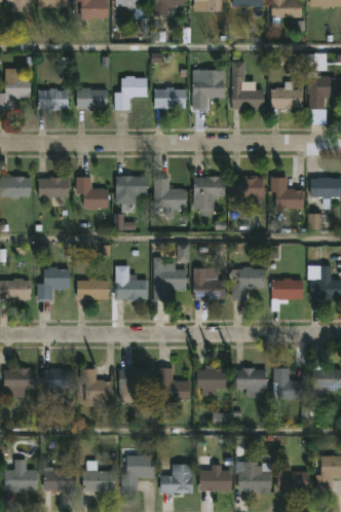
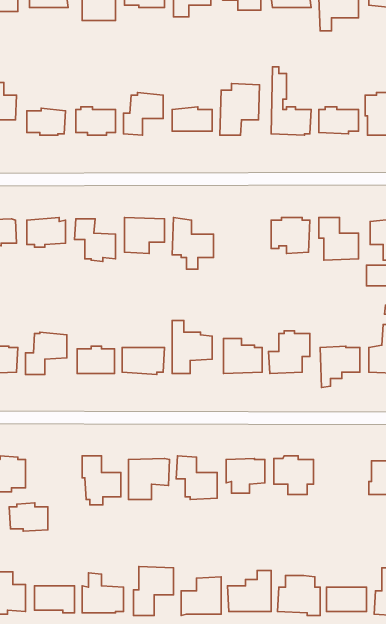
building: [193,176,225,216] -> none
building: [42,367,73,390] -> [9,503,48,531]
building: [272,367,306,398] -> none

